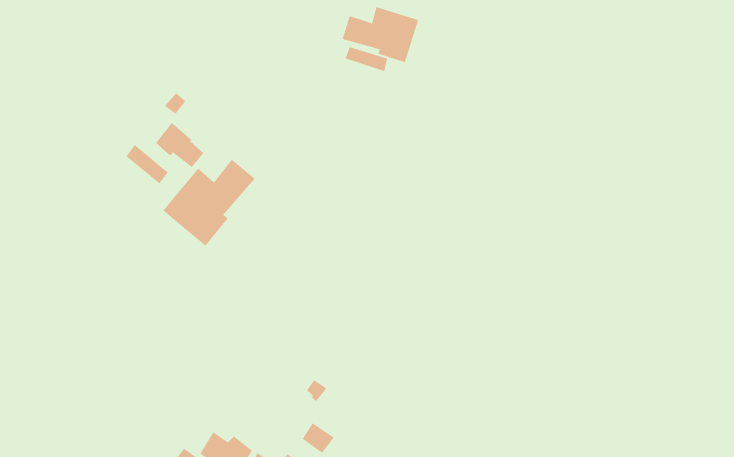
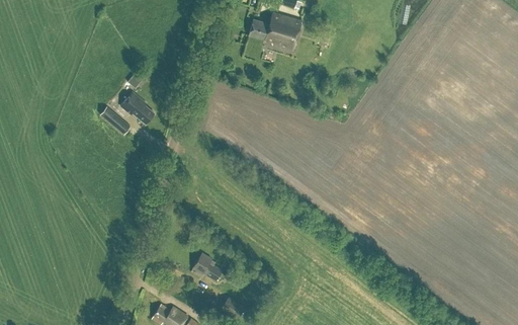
building: [162,159,255,246] -> none
building: none -> [193,251,223,278]

